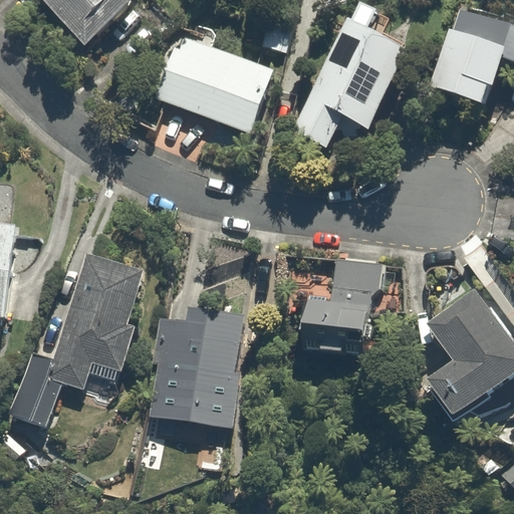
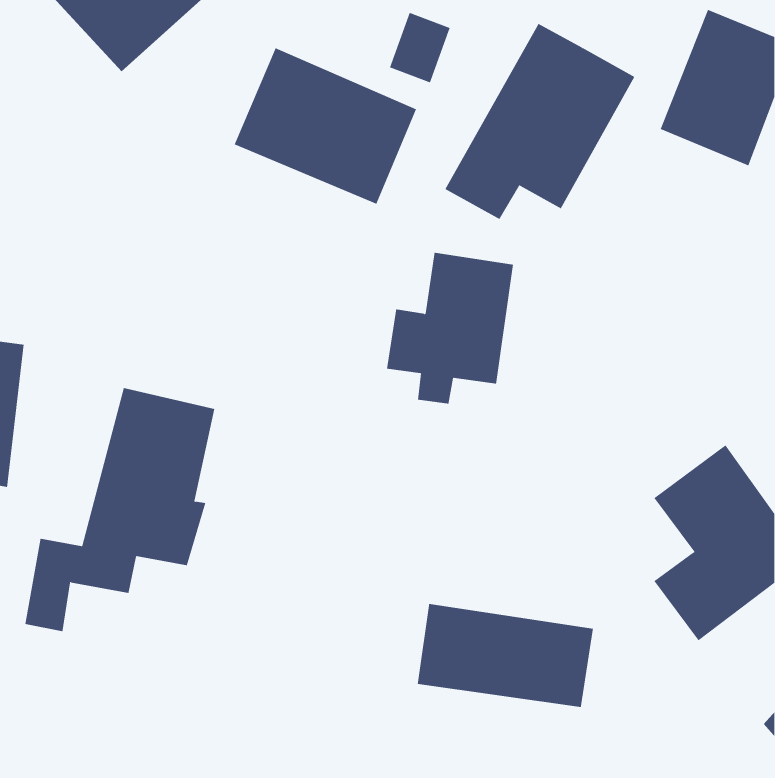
building: [301,257,384,356] -> [386,252,514,404]
building: [148,302,246,431] -> none
building: none -> [417,603,593,708]

